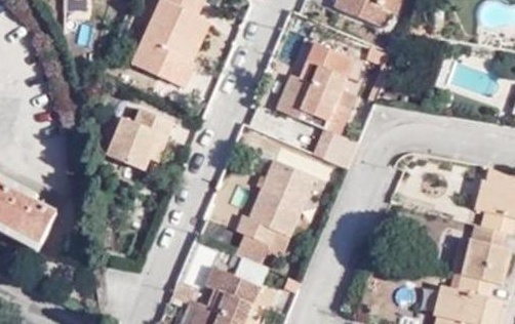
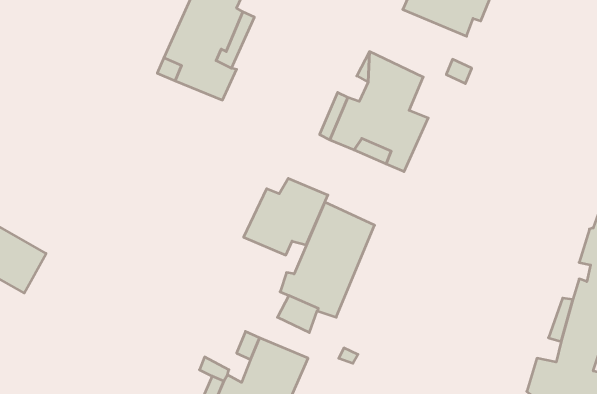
building: [112,103,180,164] -> [244,178,328,255]

